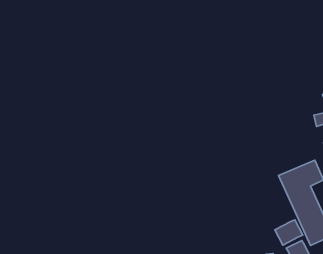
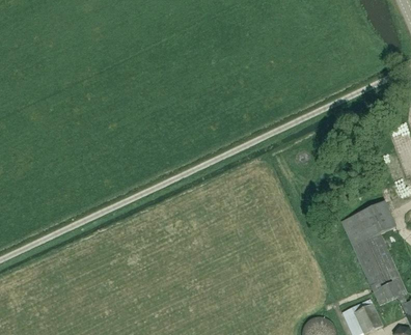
building: [275,220,303,245] -> none

